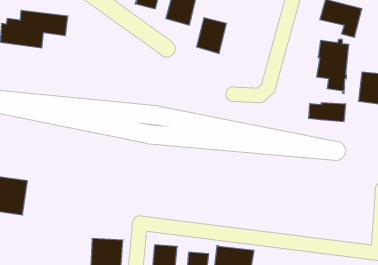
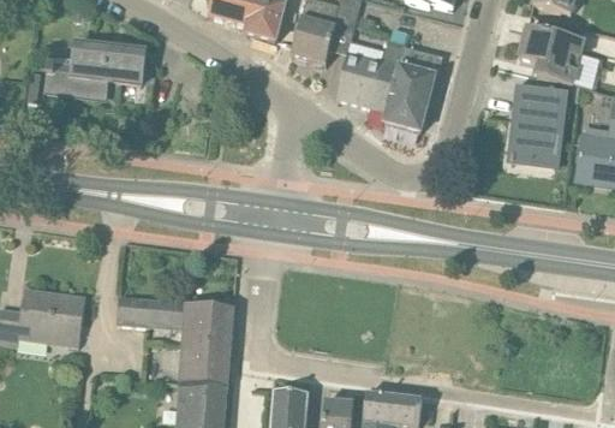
building: none -> [370,44,442,131]
building: [309,103,345,122] -> none
building: none -> [118,296,233,382]

